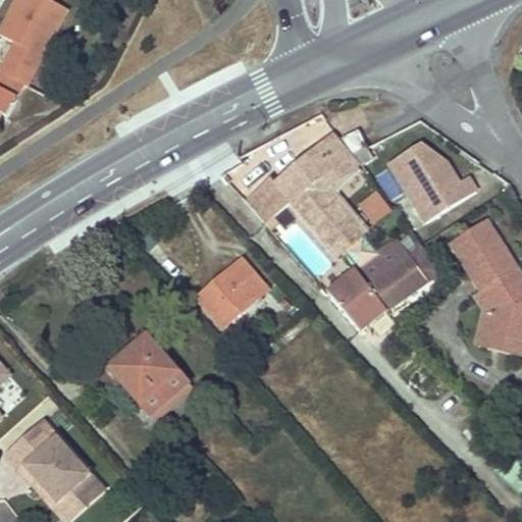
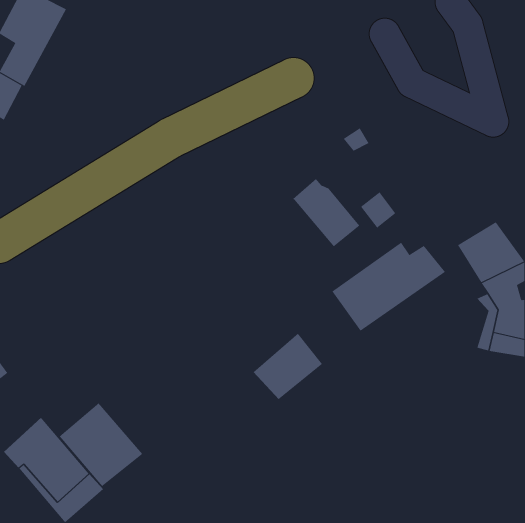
building: [244,133,356,219] -> none
building: [385,142,479,223] -> none
building: [198,259,267,325] -> [253,333,323,400]
building: [108,332,192,416] -> [59,402,143,487]

